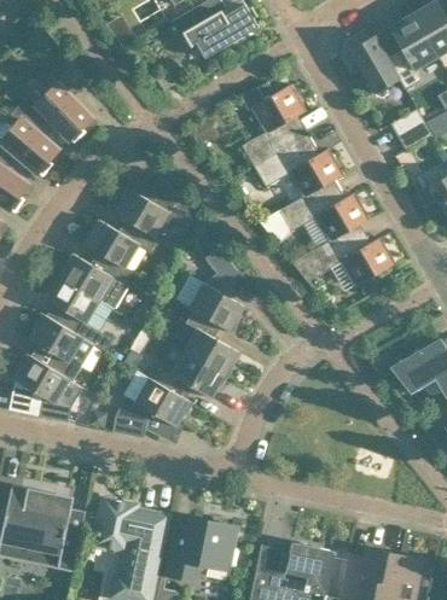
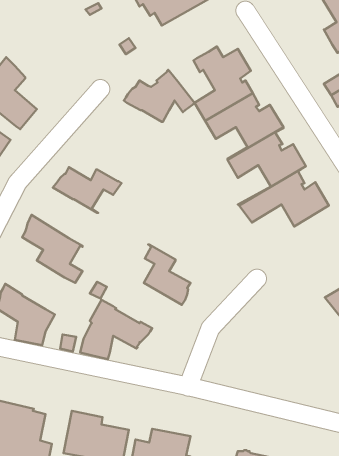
building: [349,35,399,93] -> none
building: [36,59,94,144] -> none
building: [110,176,191,235] -> [124,70,195,122]
building: [190,249,243,333] -> none
building: [56,254,130,309] -> none
building: [28,311,93,381] -> none
building: [151,351,227,398] -> none

